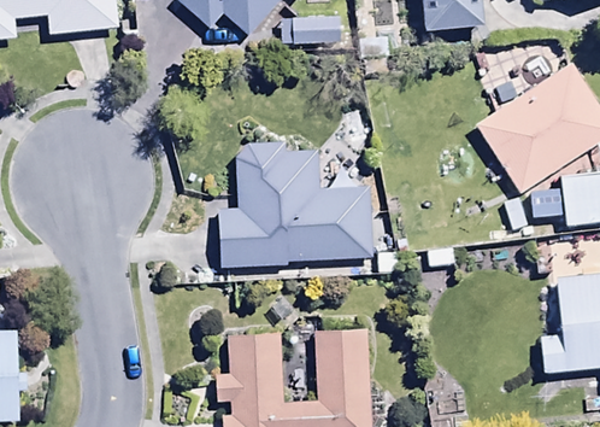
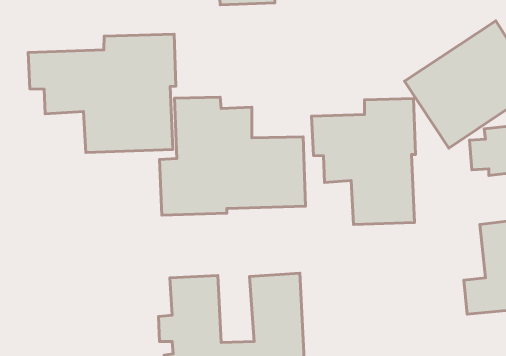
building: none -> [28,34,176,153]
building: none -> [312,98,416,225]

